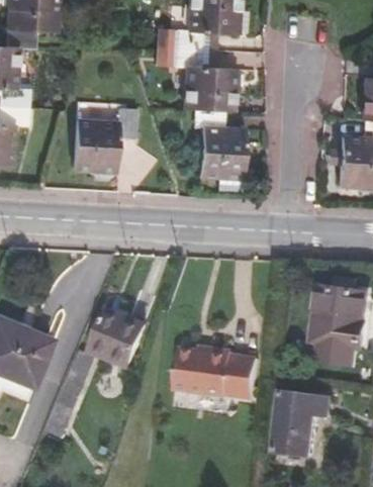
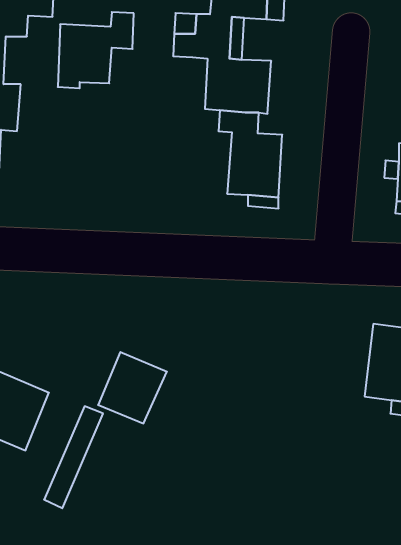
building: [73,108,135,171] -> [58,12,134,88]
building: [181,354,263,400] -> none
building: [278,391,336,456] -> none

